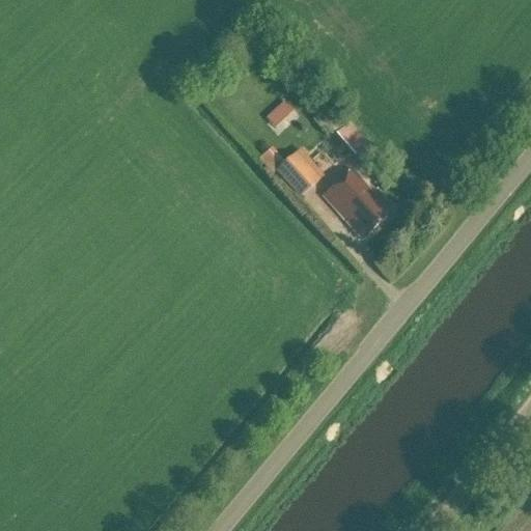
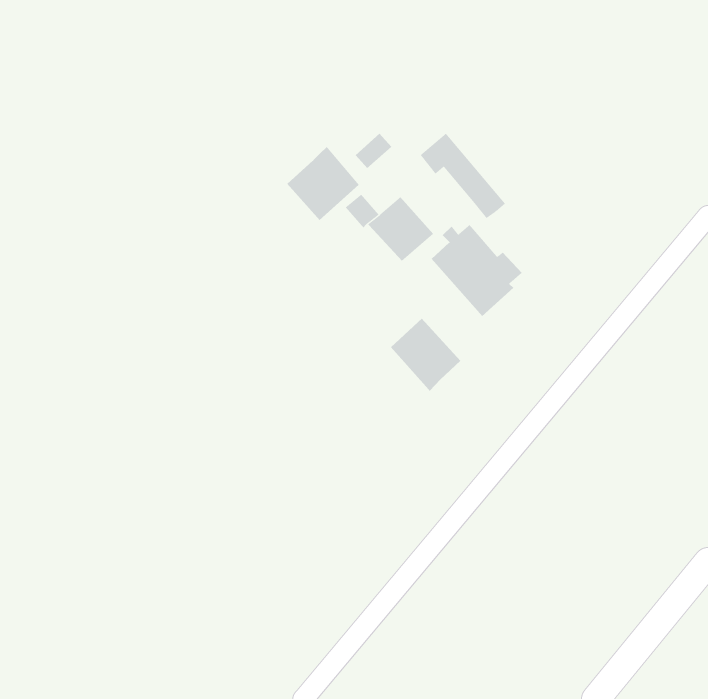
building: none -> [287,146,359,221]
building: none -> [390,318,461,392]

